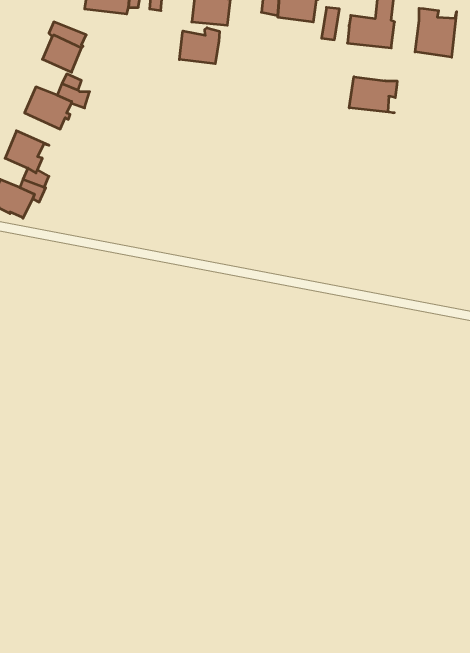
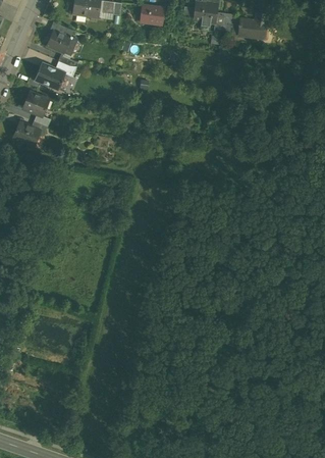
building: [415,8,457,57] -> none
building: [179,28,219,64] -> none
building: [349,77,397,113] -> none

